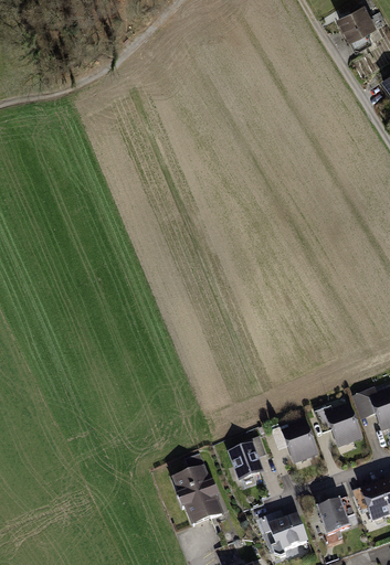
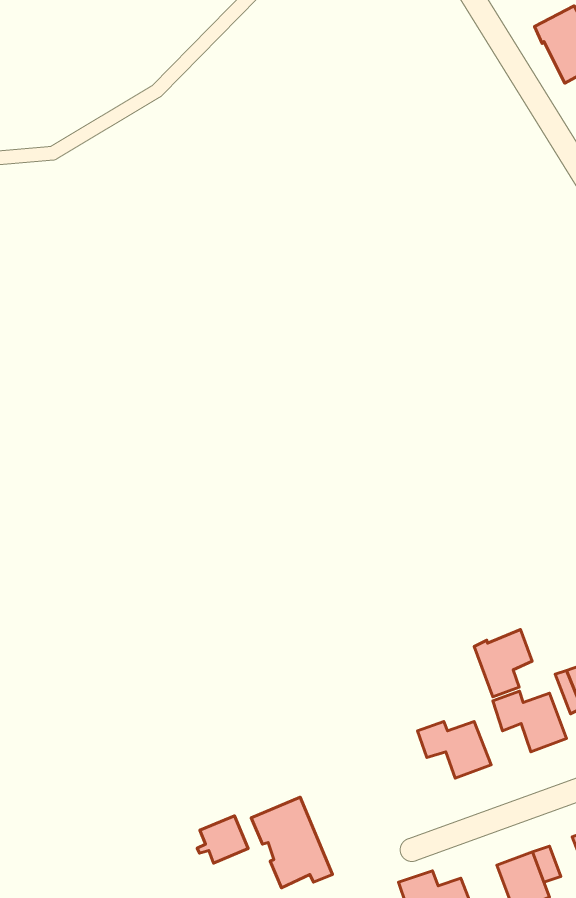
building: none -> [474,630,532,697]
building: [231,436,265,477] -> none
building: none -> [197,816,248,863]

